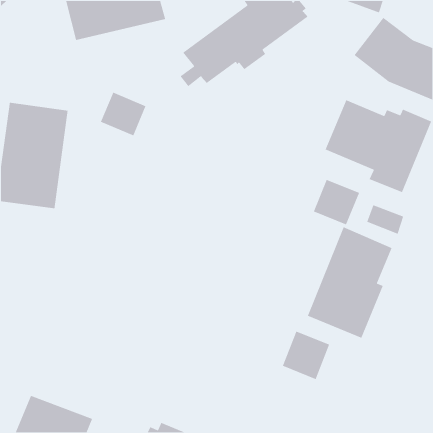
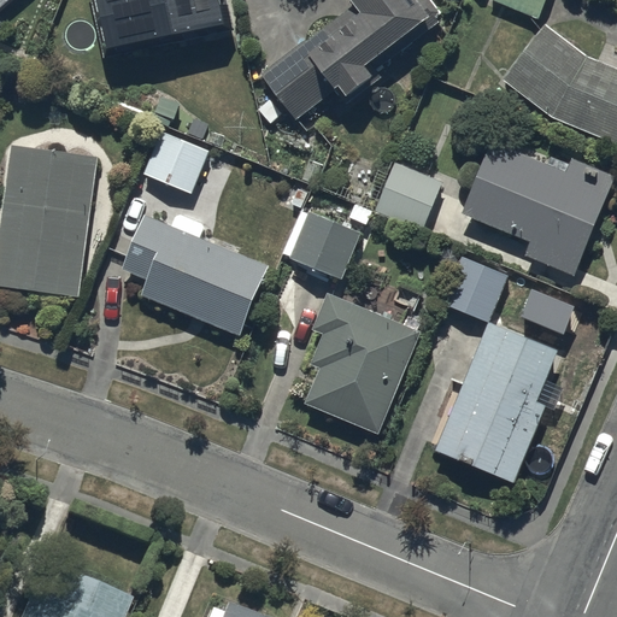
building: none -> [375,161,442,229]
building: none -> [121,212,268,336]
building: none -> [289,212,360,280]
building: none -> [305,294,421,435]
building: [282,330,330,380] -> none

